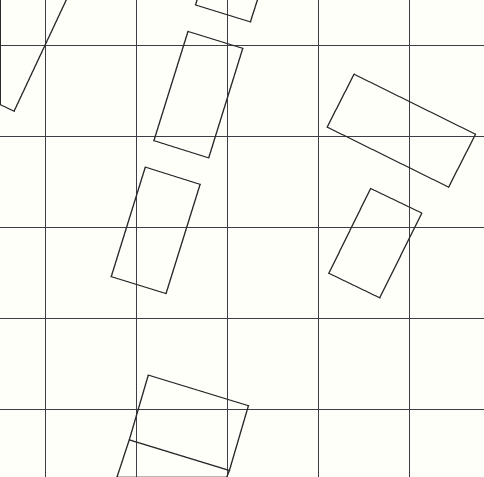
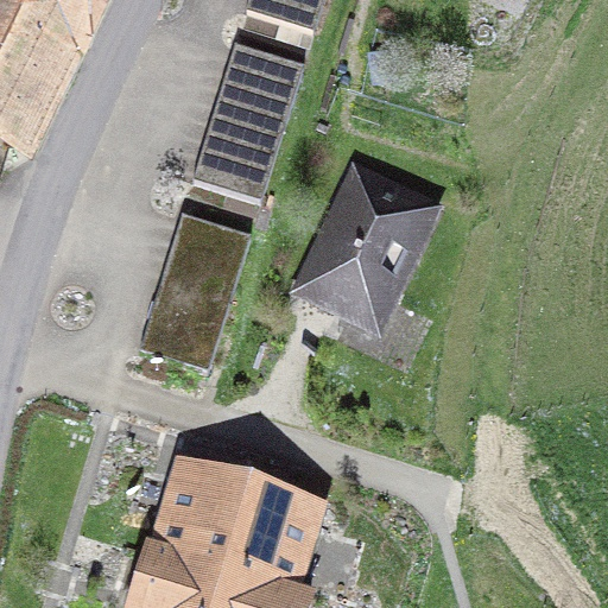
building: [327,74,475,187] -> none
building: [329,189,422,298] -> [309,180,425,317]

